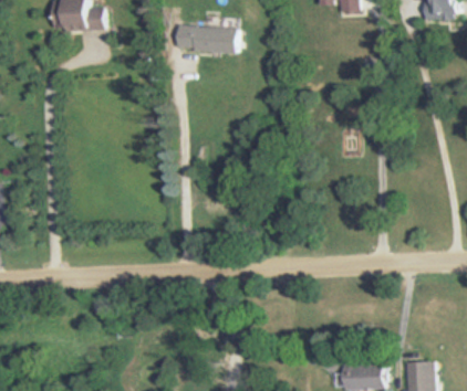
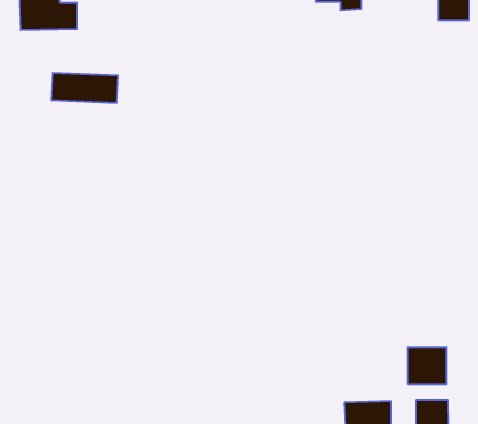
building: [176,25,236,52] -> [51,73,118,103]
building: none -> [408,347,446,384]

